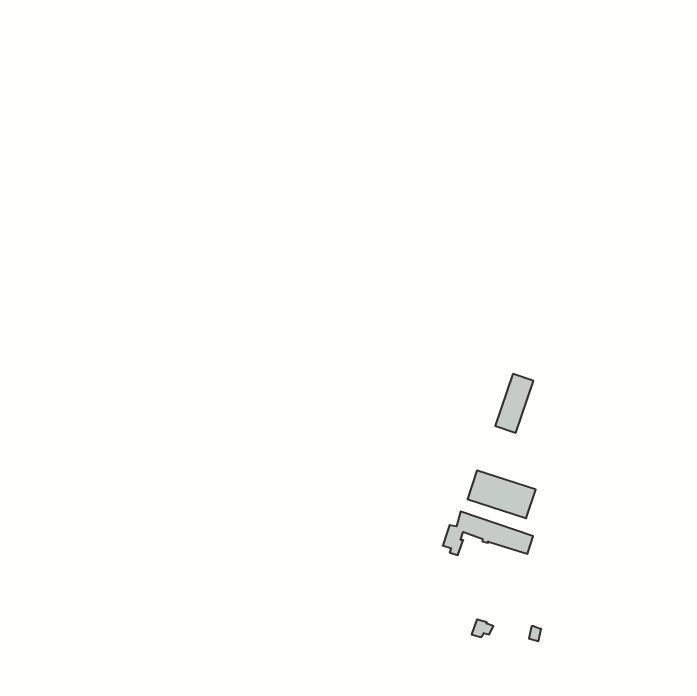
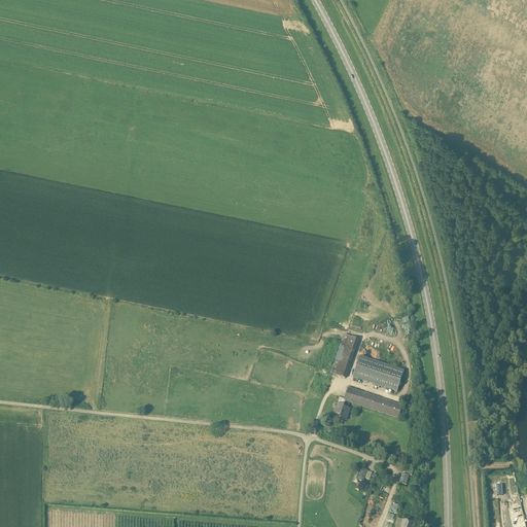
building: [495,374,533,433] -> [329,332,358,377]

